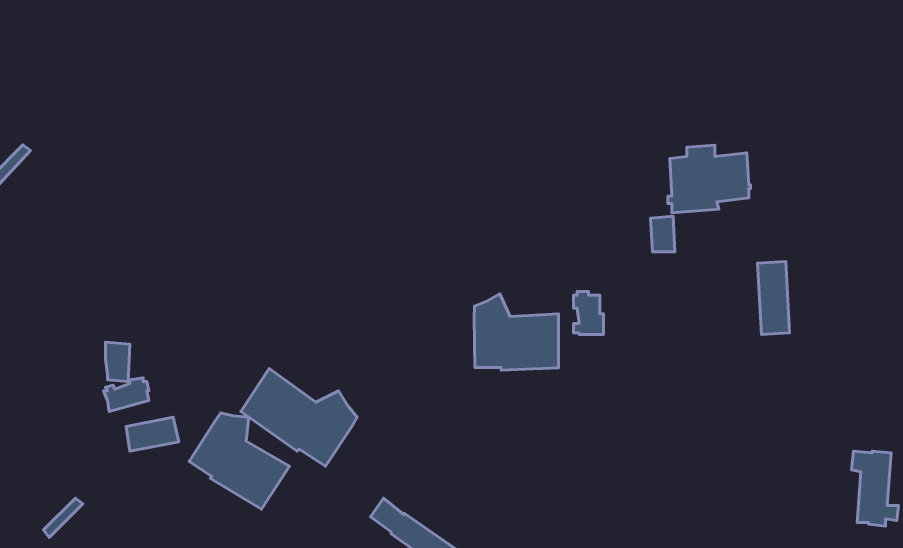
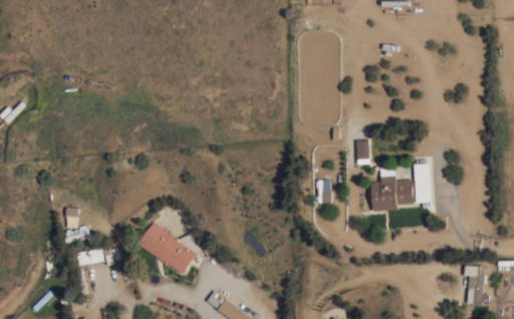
building: [668,145,751,213] -> [370,176,415,212]
building: [474,294,558,370] -> none
building: [189,413,289,509] -> none

